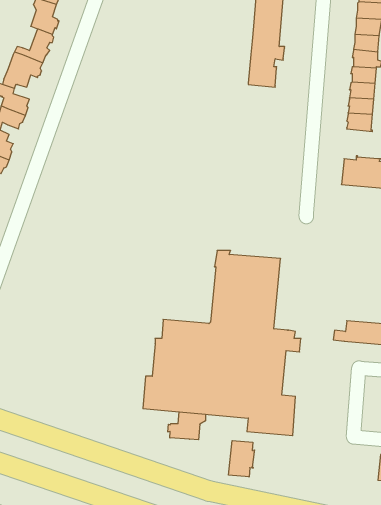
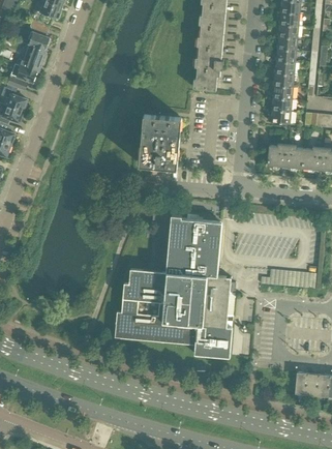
building: none -> [140,114,182,168]
building: [168,412,205,440] -> none
building: [229,441,254,477] -> none

